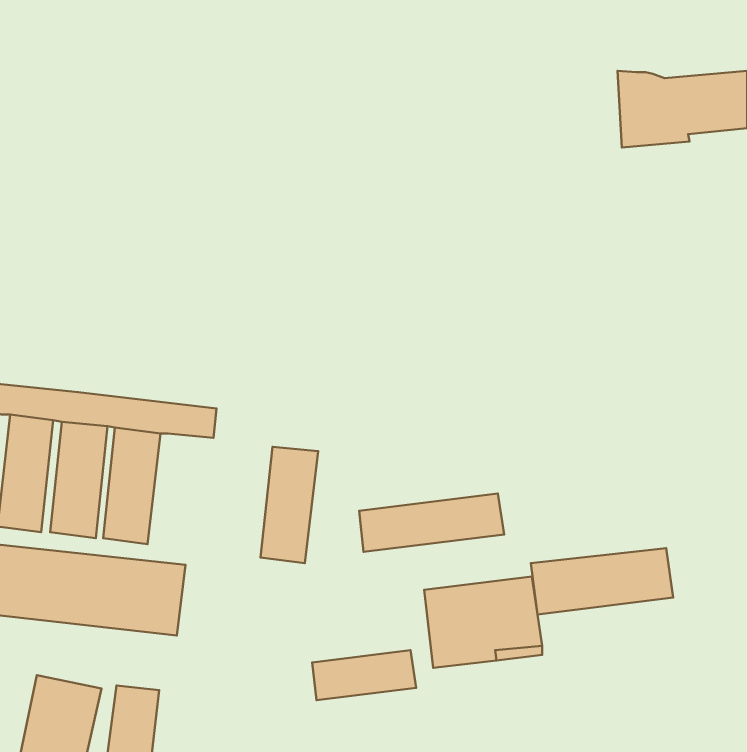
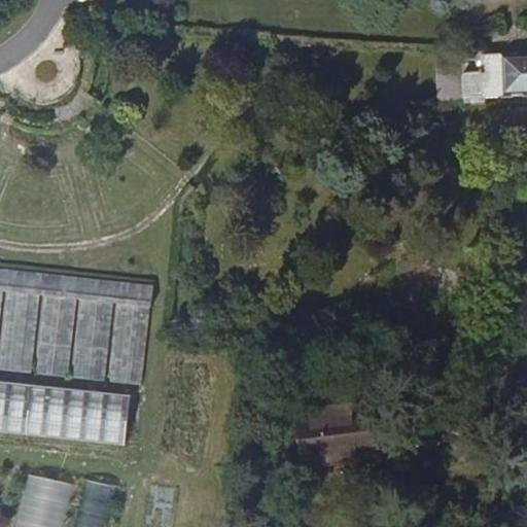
building: [261,447,318,563] -> [109,304,149,385]
building: [359,493,504,552] -> none
building: [531,548,673,614] -> none
building: [312,650,416,700] -> none

